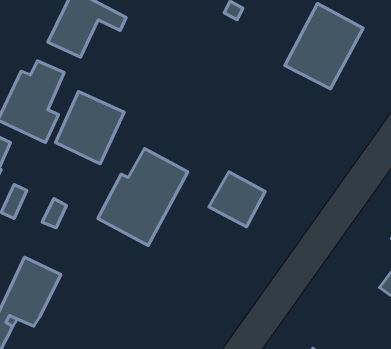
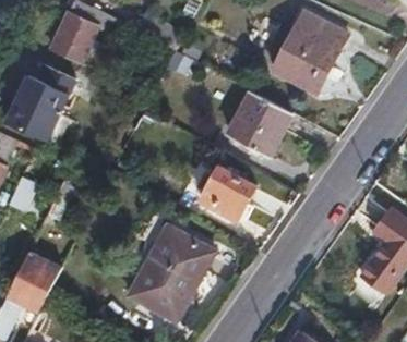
building: none -> [228,91,291,155]
building: [55,92,124,164] -> none
building: [98,148,188,245] -> [129,229,213,319]

